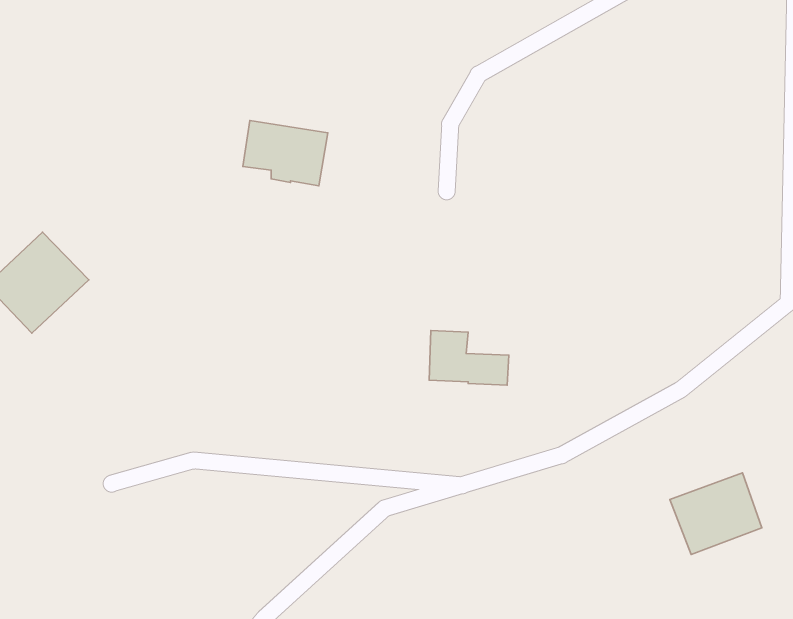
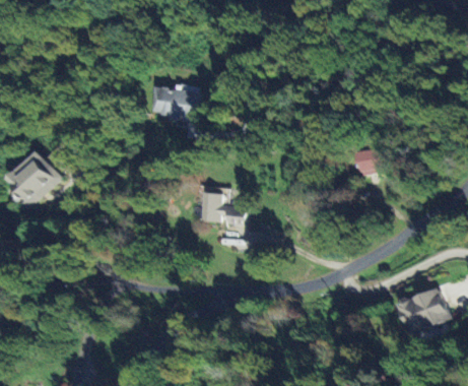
building: none -> [358,148,387,174]
building: [429,330,509,385] -> [200,192,246,223]

